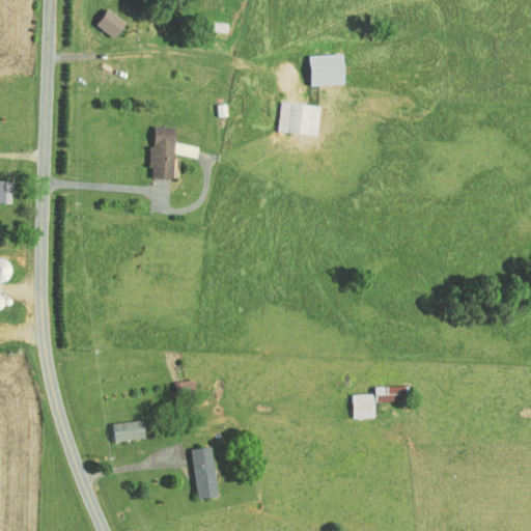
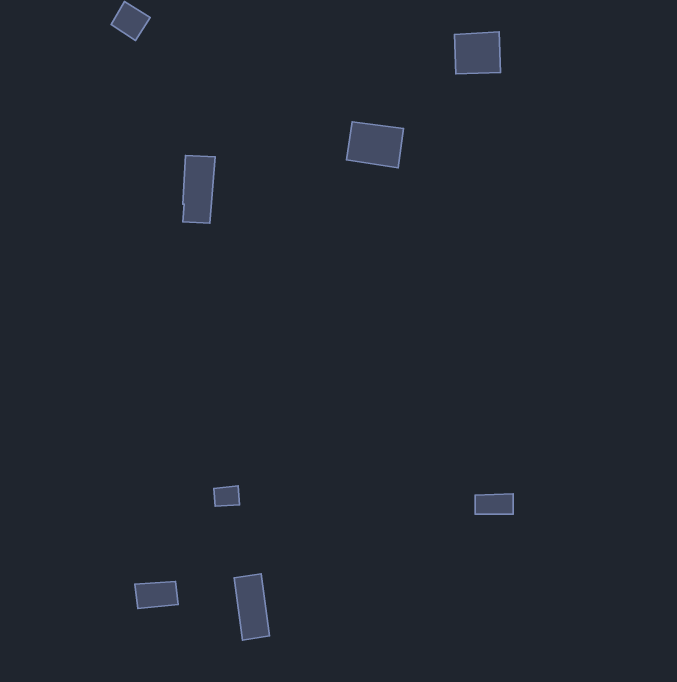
building: [309,53,344,85] -> [455,32,501,74]
building: [353,393,374,418] -> none
building: [112,420,145,441] -> [135,582,178,609]

